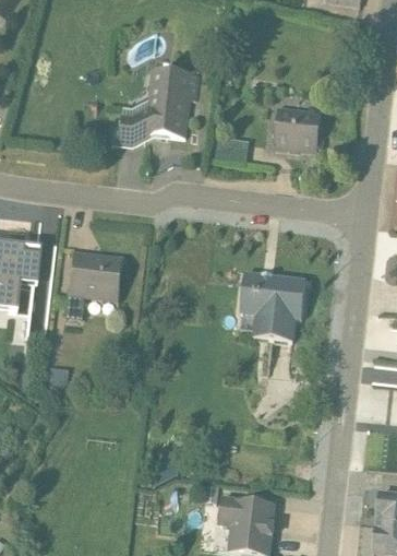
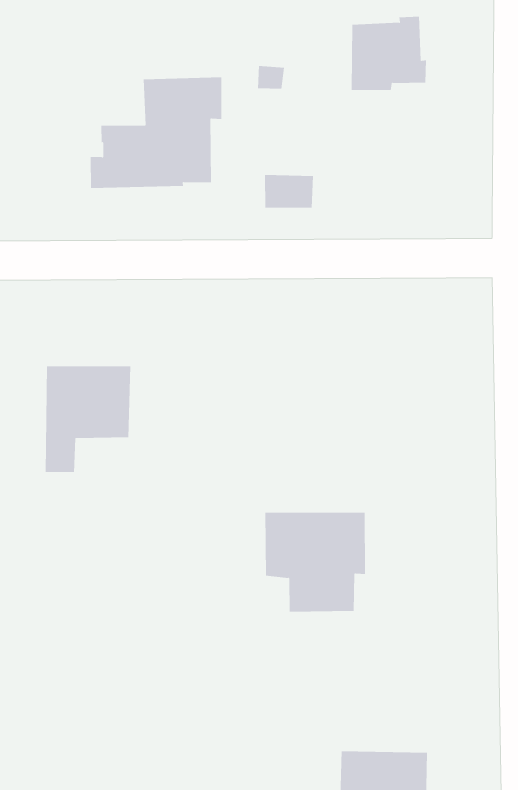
building: [275,113,324,157] -> [351,16,427,91]
building: [241,281,308,348] -> [264,512,366,612]

